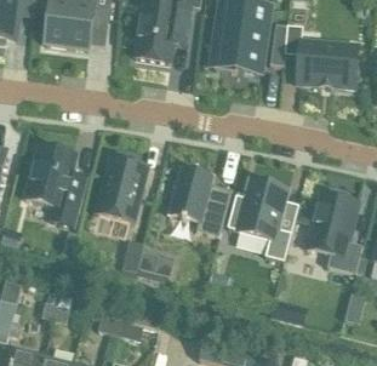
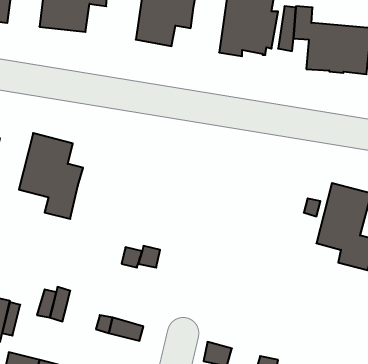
building: [96,154,148,219] -> none
building: [167,165,230,235] -> none
building: [227,178,291,259] -> none

